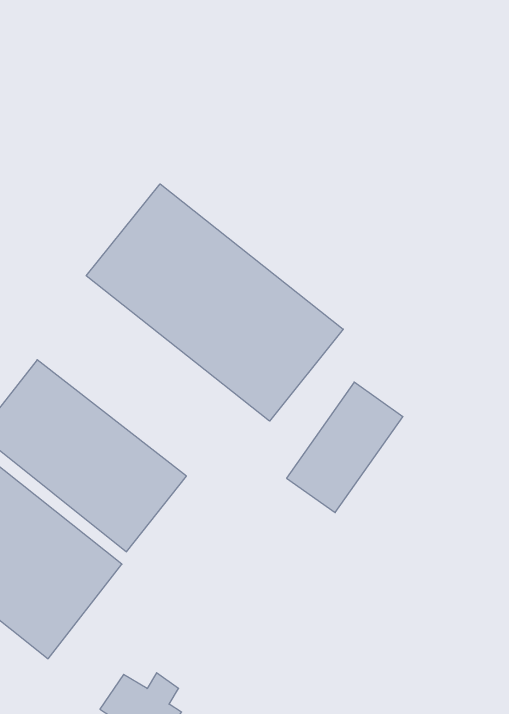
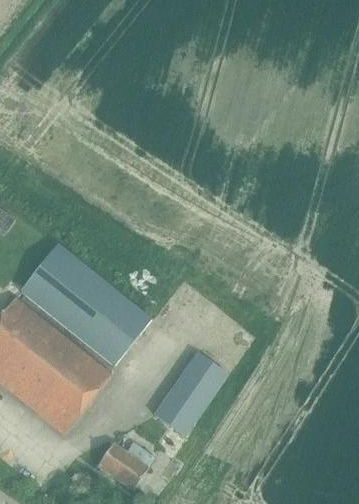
building: [86,184,343,421] -> none
building: [287,382,403,513] -> [154,353,228,436]

